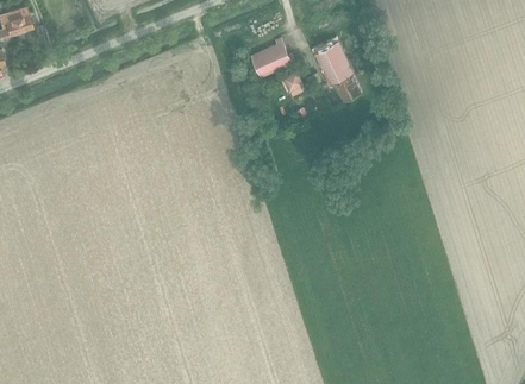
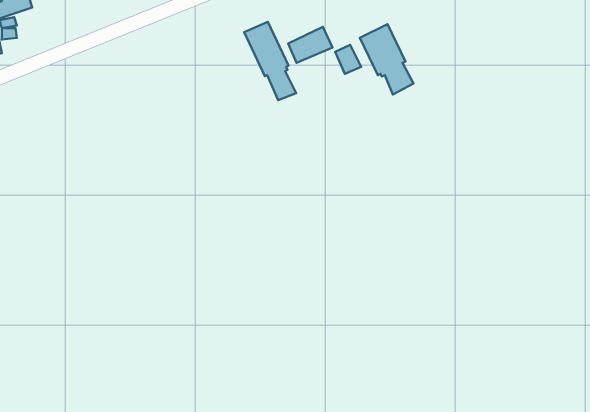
building: none -> [244,22,296,100]

